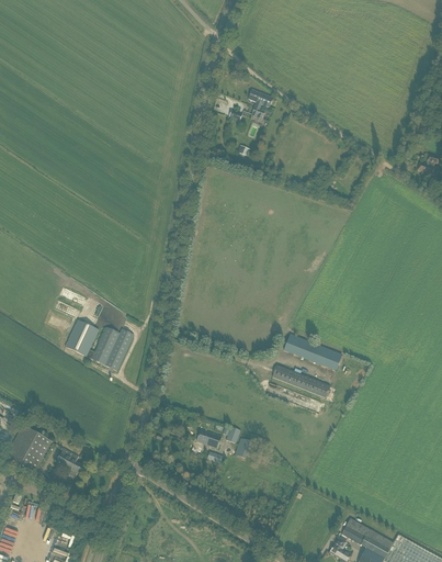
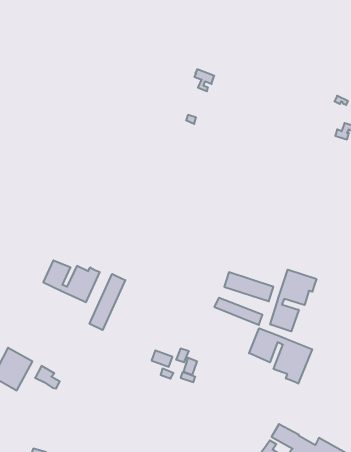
building: none -> [270,270,316,331]
building: none -> [90,274,125,330]
building: none -> [249,328,312,384]

